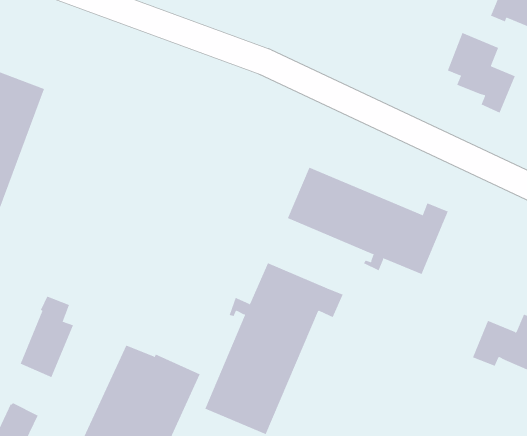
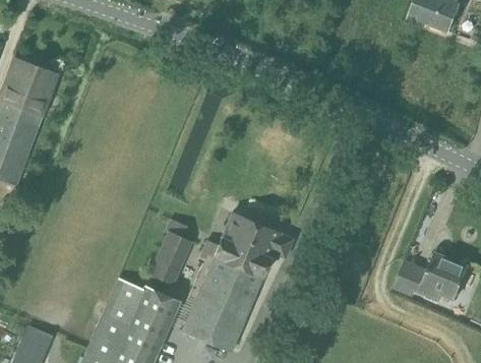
building: [447,32,515,113] -> none
building: [287,167,449,275] -> none
building: [20,296,74,378] -> [149,221,192,286]

